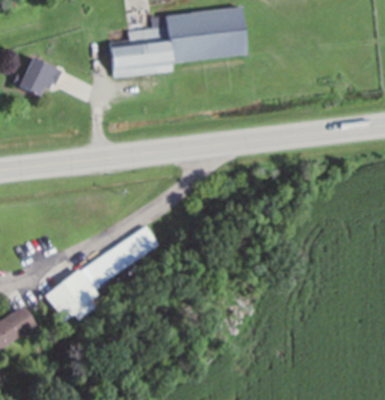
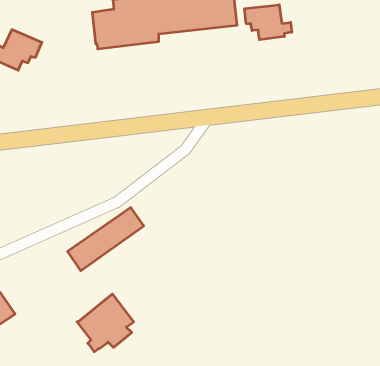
building: none -> [245,5,292,40]
building: [44,271,98,326] -> [77,294,134,352]

